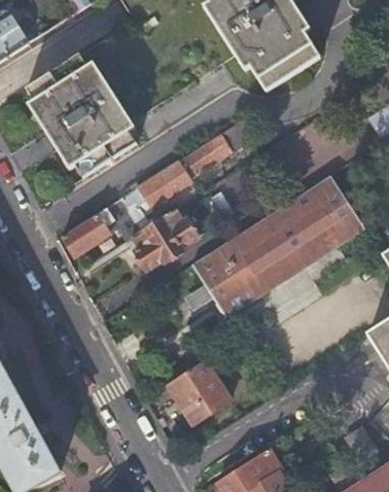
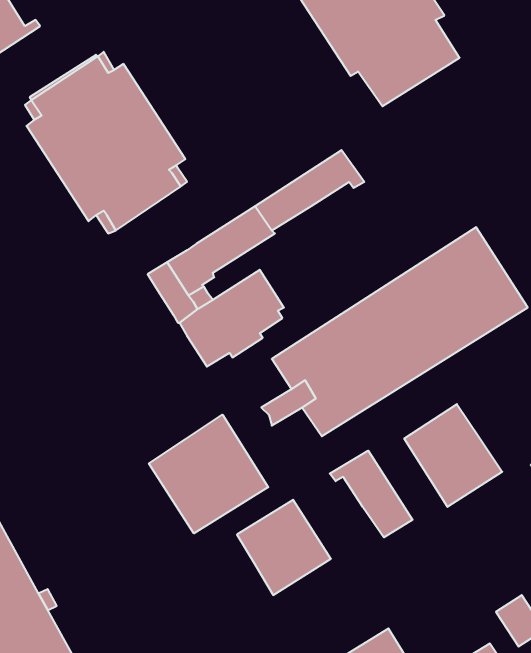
building: [62,207,115,256] -> none
building: none -> [404,404,502,507]
building: none -> [149,415,268,533]
building: none -> [330,451,413,537]

